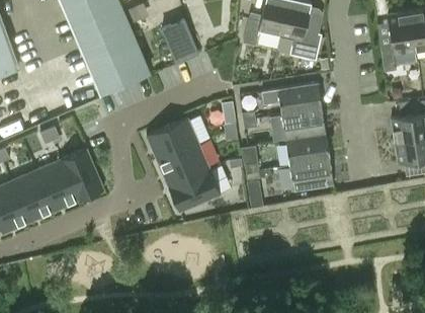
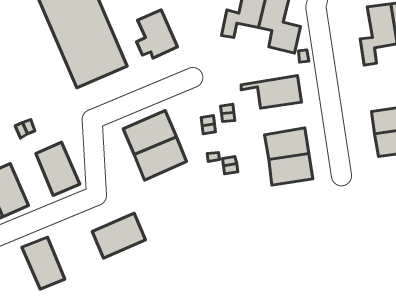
building: [281,109,325,142] -> none
building: [34,160,77,212] -> [22,237,65,289]
building: [167,168,220,213] -> [92,213,146,258]

